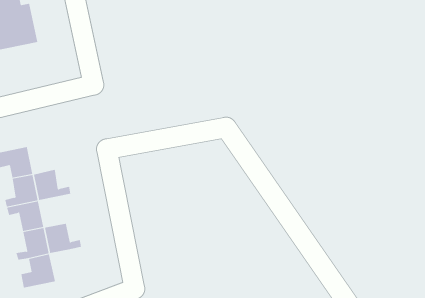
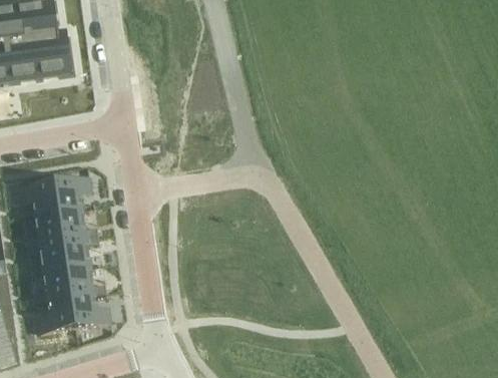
building: none -> [54,176,91,212]
building: none -> [62,235,98,269]
building: none -> [70,294,110,327]

